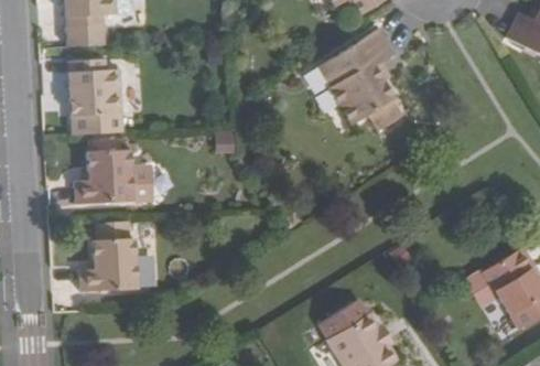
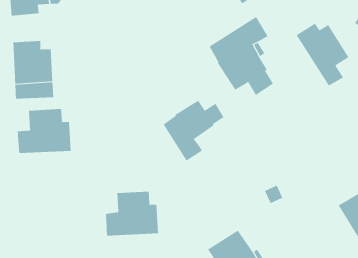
building: none -> [296,23,349,86]
building: none -> [163,100,224,162]
building: [80,234,149,291] -> [105,191,159,236]

